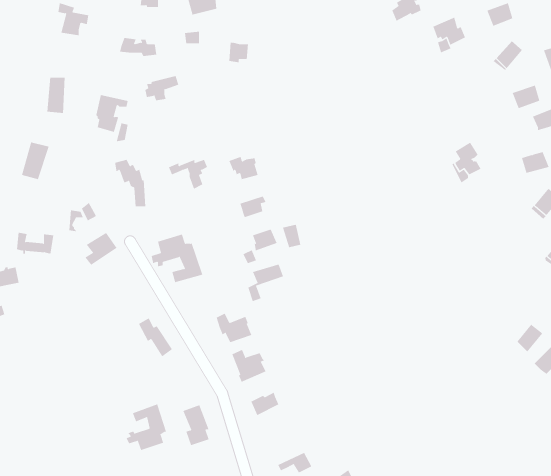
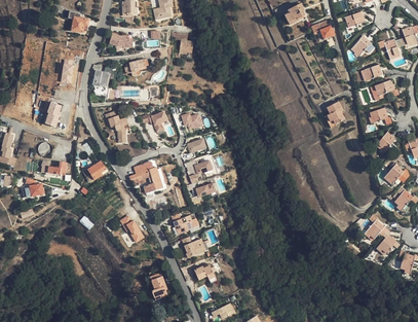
building: [126,403,167,451] -> none

